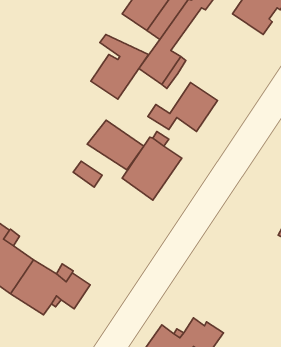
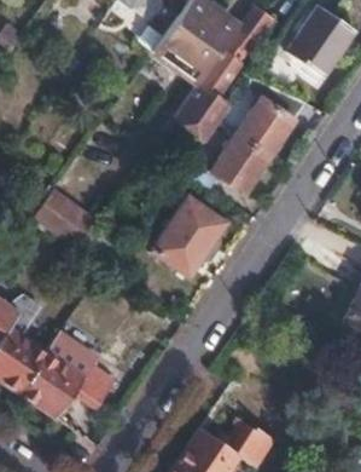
building: [91,34,149,99] -> [237,76,307,155]
building: [87,120,144,170] -> [31,189,100,249]

